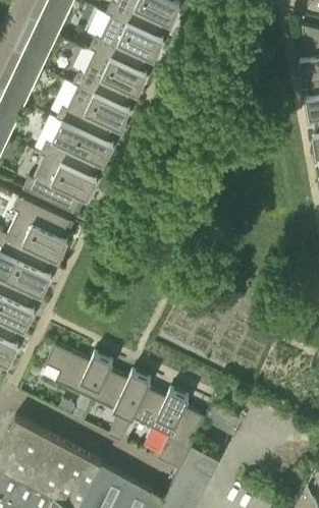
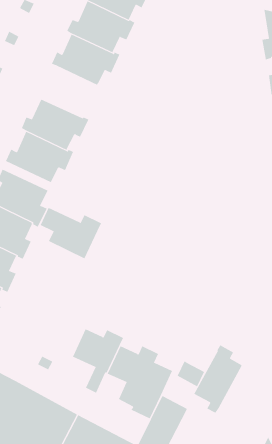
building: [56,88,130,144] -> none
building: [46,345,113,401] -> [40,207,102,259]
building: none -> [193,344,242,414]

